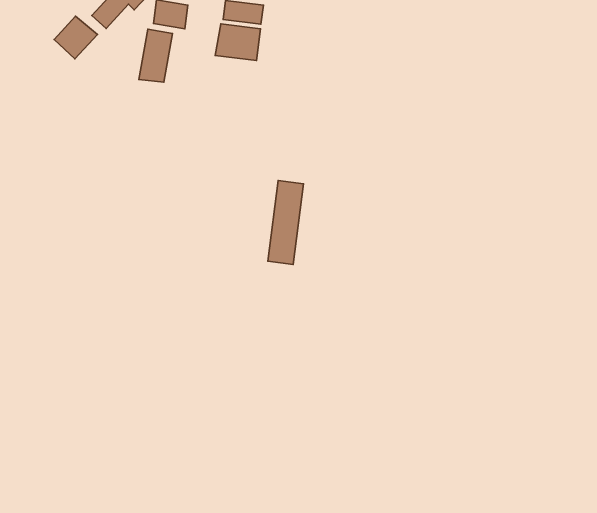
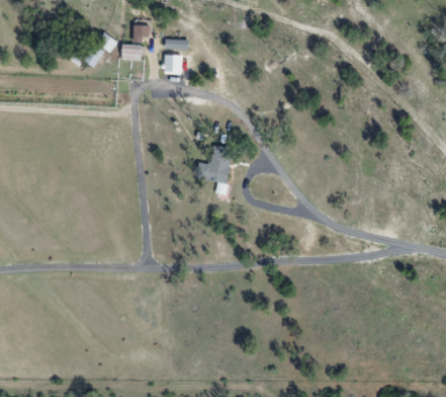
building: [54,16,97,59] -> none
building: [139,29,172,82] -> none

